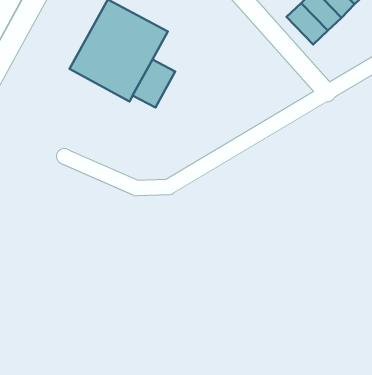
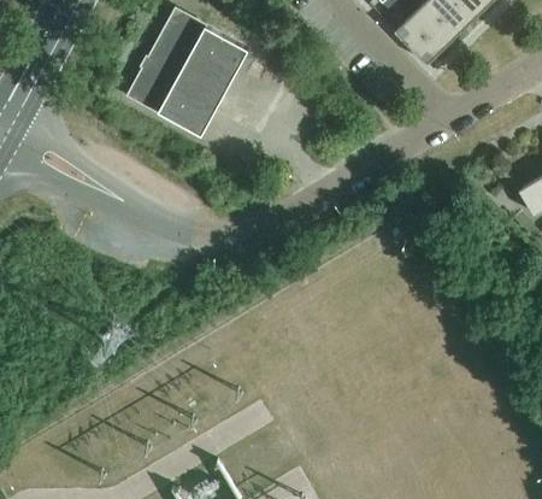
building: [133,59,175,108] -> none

